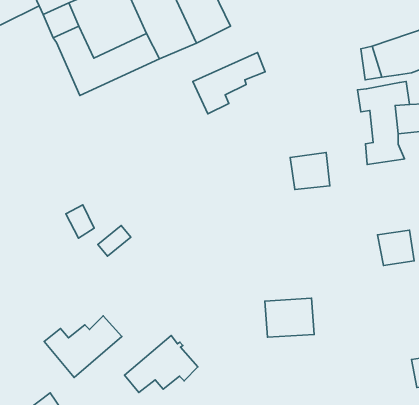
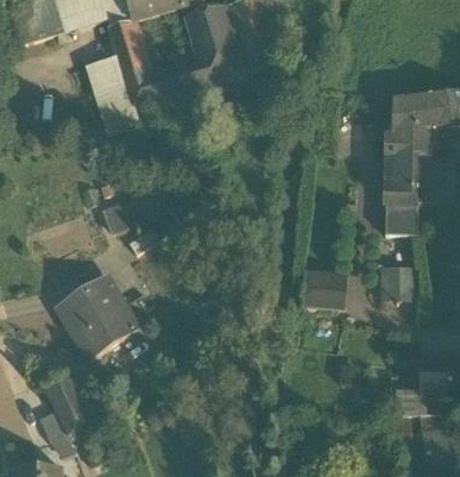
building: none -> [88,52,136,130]
building: [193,52,265,114] -> none
building: [290,152,330,190] -> [383,205,416,236]
building: [265,298,314,337] -> [300,271,345,308]
building: [125,336,198,393] -> [55,275,122,322]

